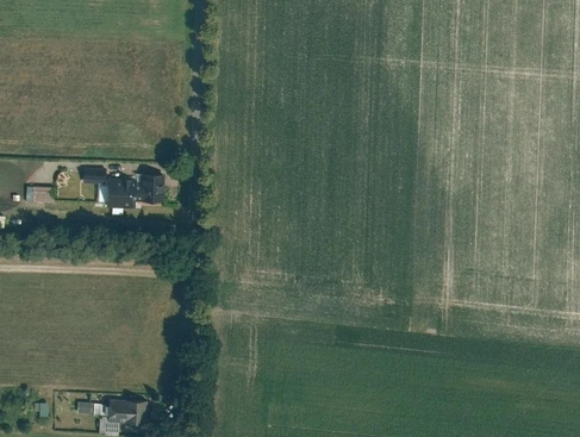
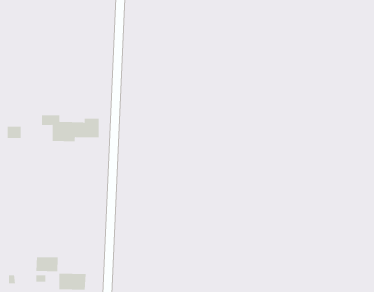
building: none -> [36,256,58,272]

